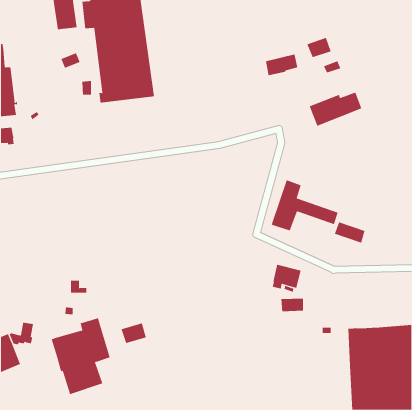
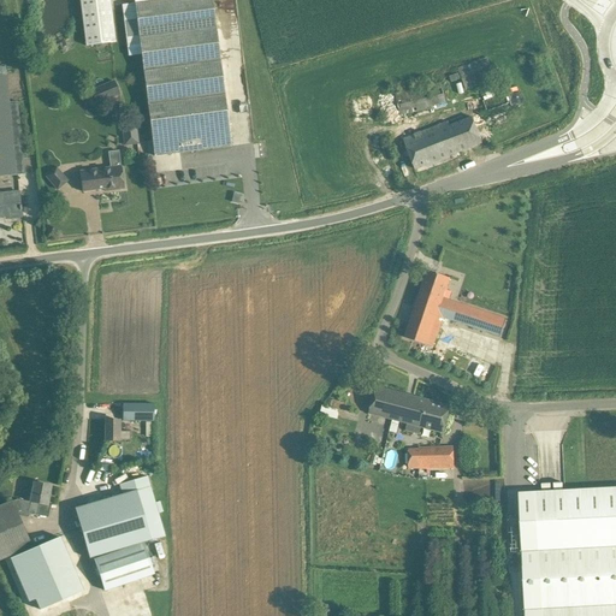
building: [309,92,362,126] -> [403,116,482,167]
building: none -> [79,148,124,190]
building: [334,222,365,243] -> none
building: none -> [369,385,413,421]
building: none -> [123,402,154,419]
building: [121,322,146,344] -> none
building: none -> [11,537,82,606]

